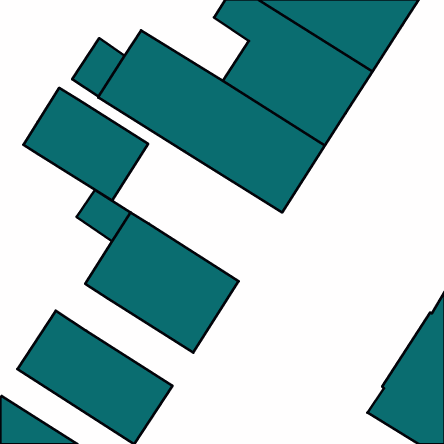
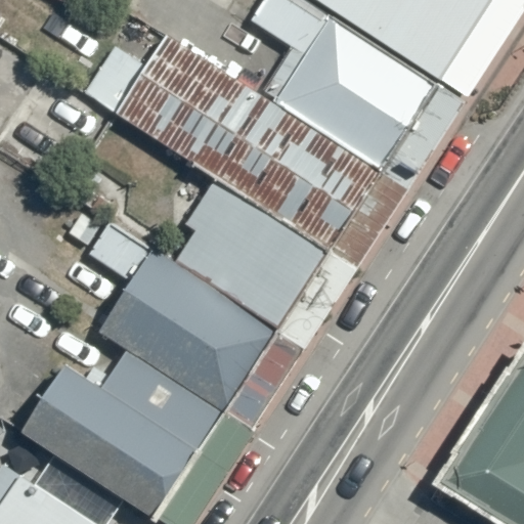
building: [23,88,148,201] -> none
building: none -> [176,178,333,331]
building: none -> [102,351,228,453]

